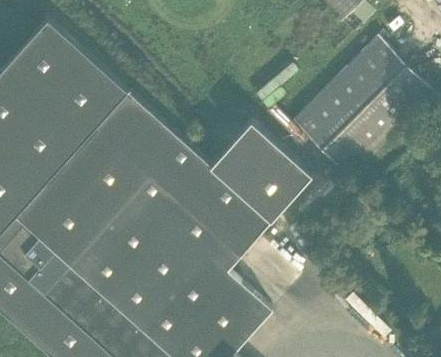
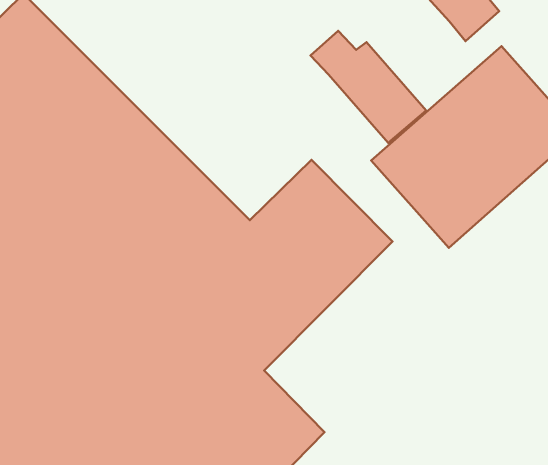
building: none -> [311,31,426,143]

